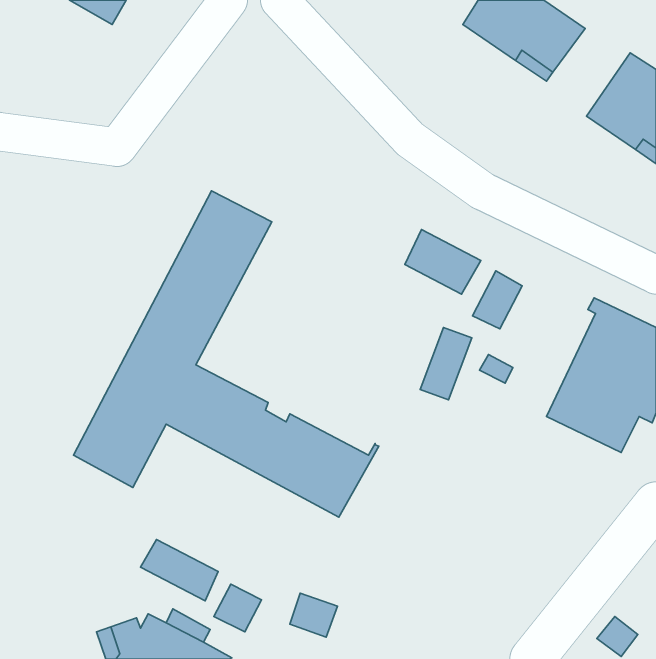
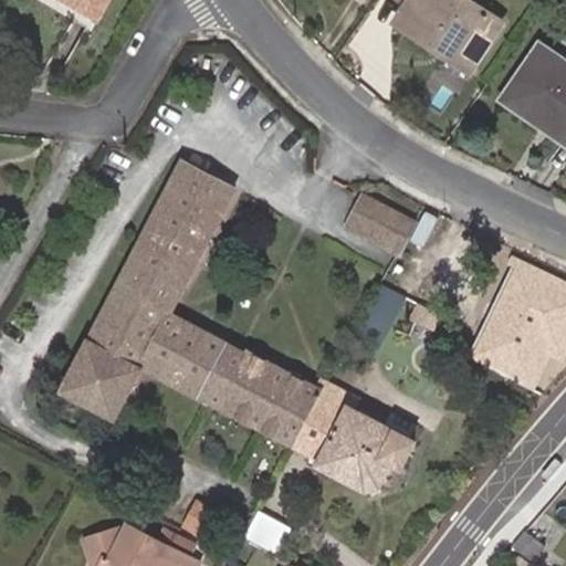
building: [472,271,522,329] -> none
building: none -> [291,382,413,492]
building: [141,539,218,601] -> none

